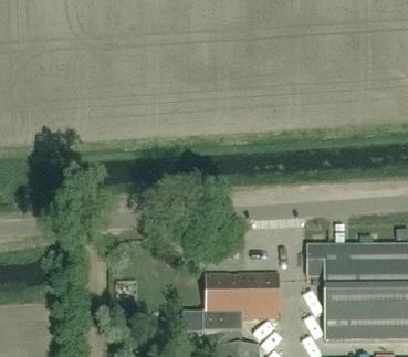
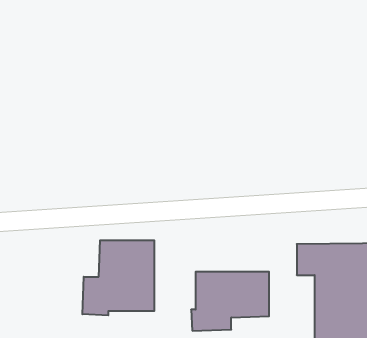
building: none -> [82,240,154,315]

